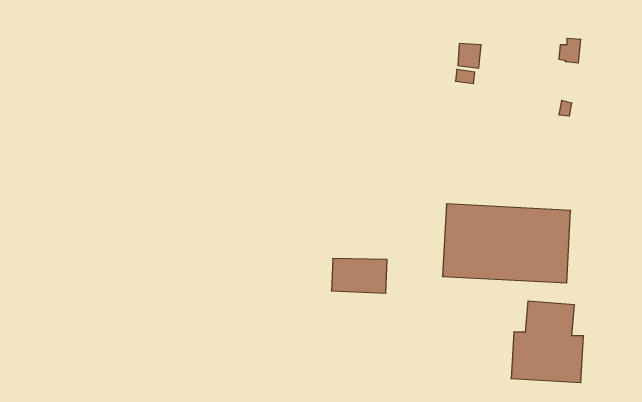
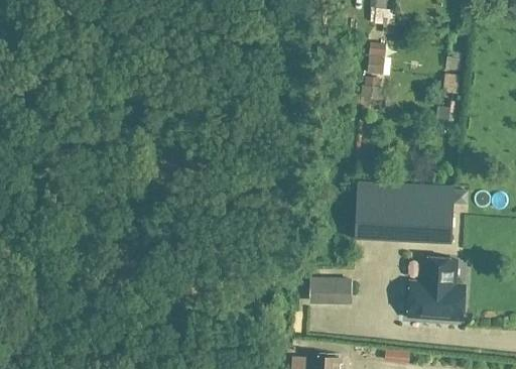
building: [331,258,387,293] -> [308,277,352,304]

